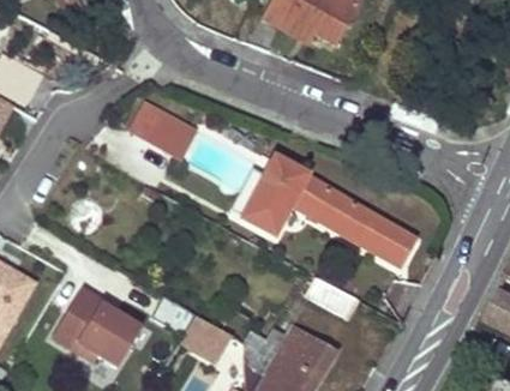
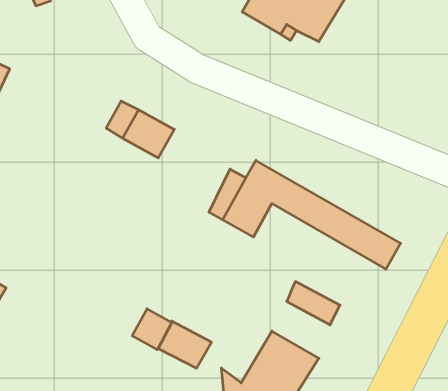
building: [52,290,140,366] -> none

